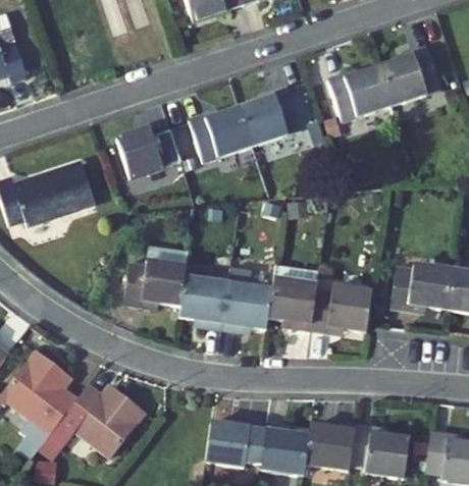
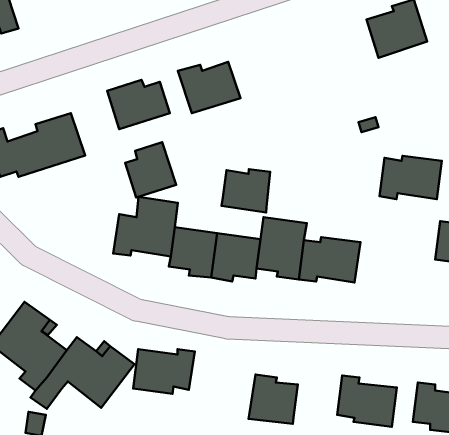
building: [328,65,392,120] -> none
building: [240,86,301,145] -> none
building: none -> [125,142,176,198]
building: none -> [222,169,270,212]
building: [390,264,454,308] -> [379,156,442,199]
building: [205,422,267,467] -> [133,349,195,394]
building: [306,422,355,470] -> none

